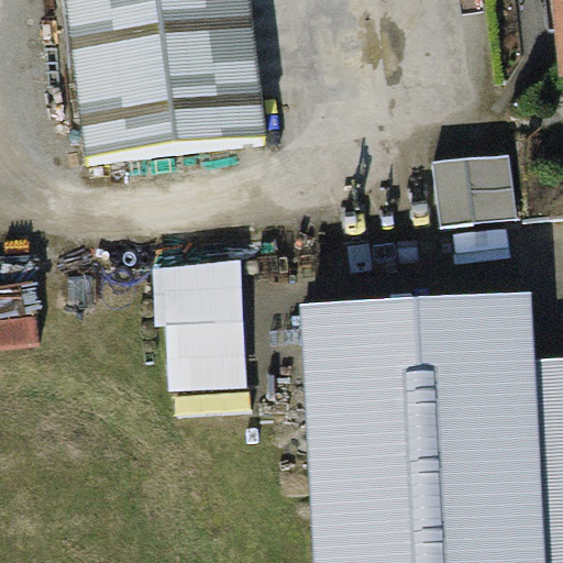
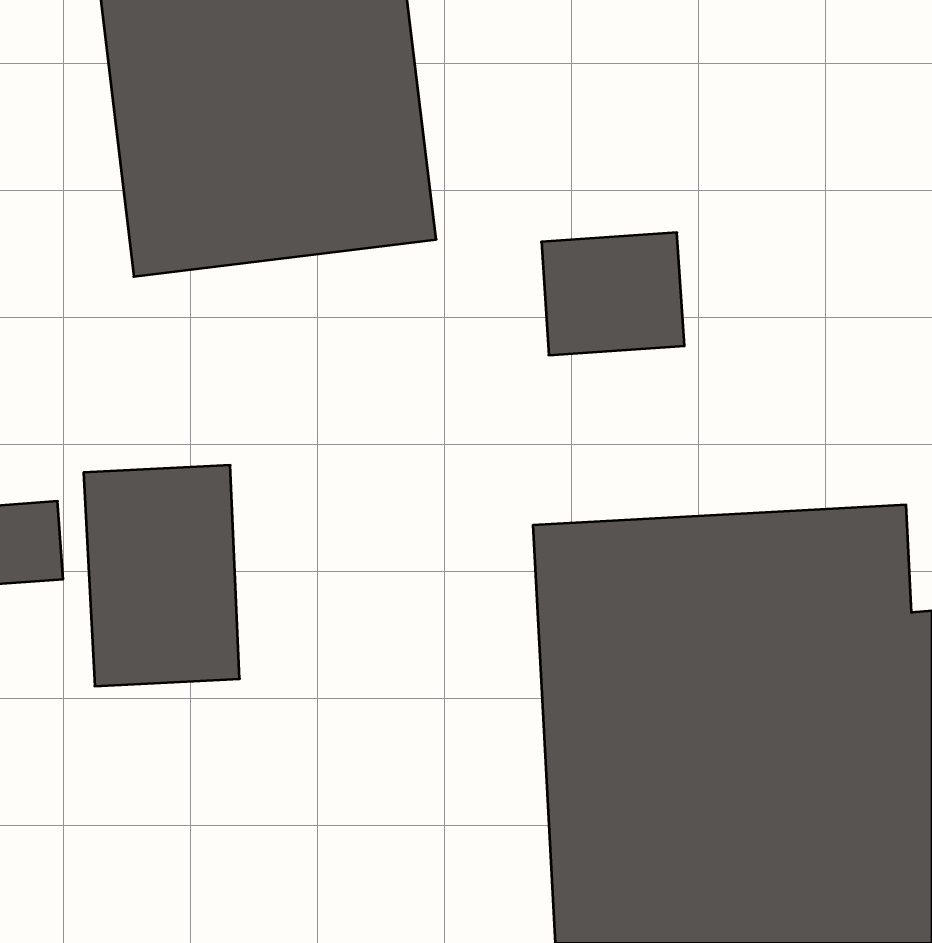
building: [430,153,515,225] -> [541,233,684,355]
building: [154,261,246,391] -> [84,465,240,686]

